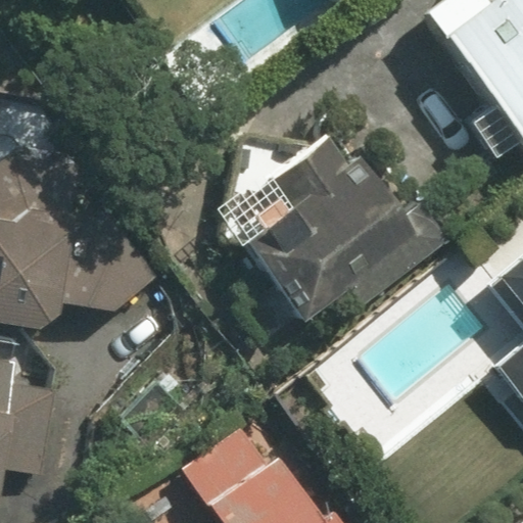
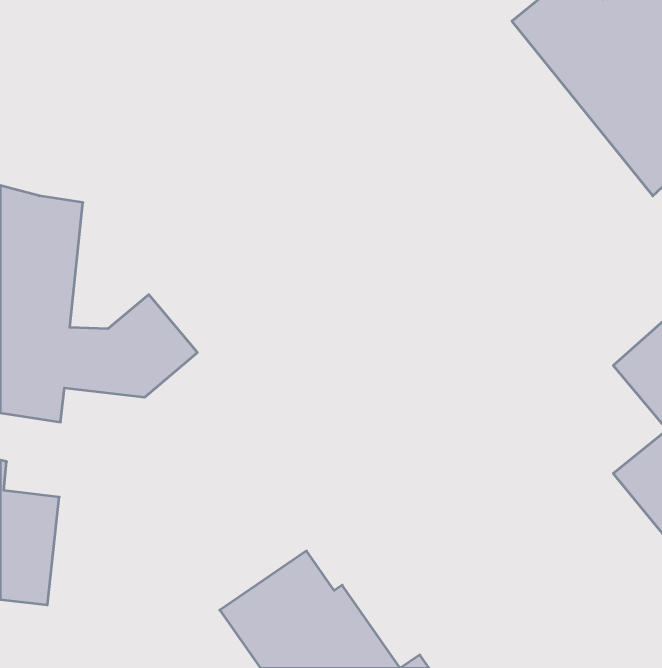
building: [229,133,443,325] -> none

